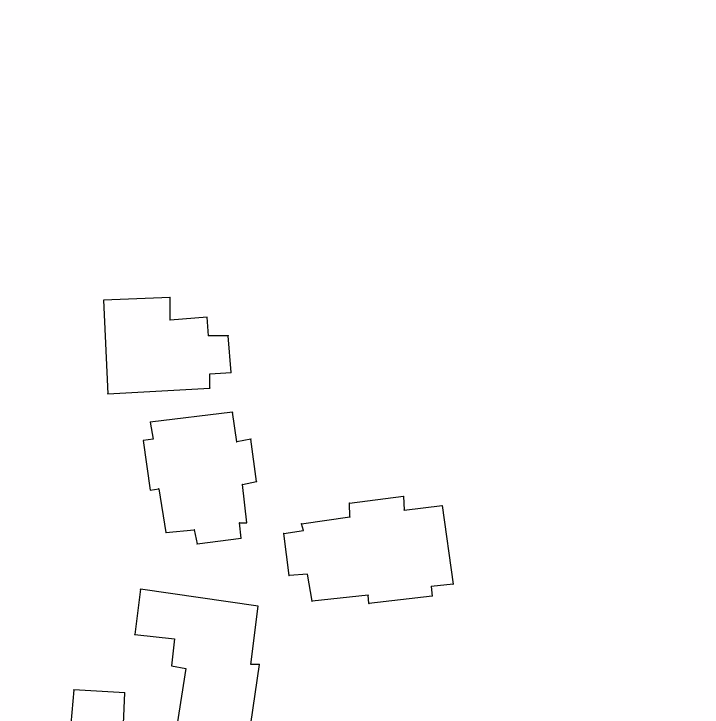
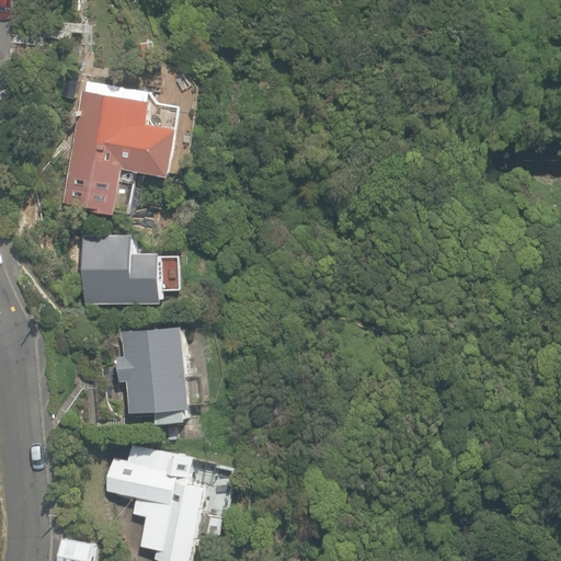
building: none -> [66,78,180,219]
building: [284,496,453,604] -> none

